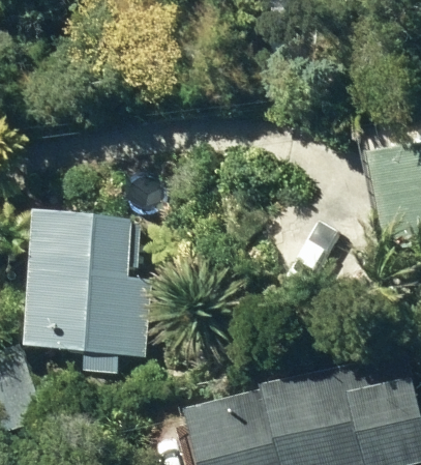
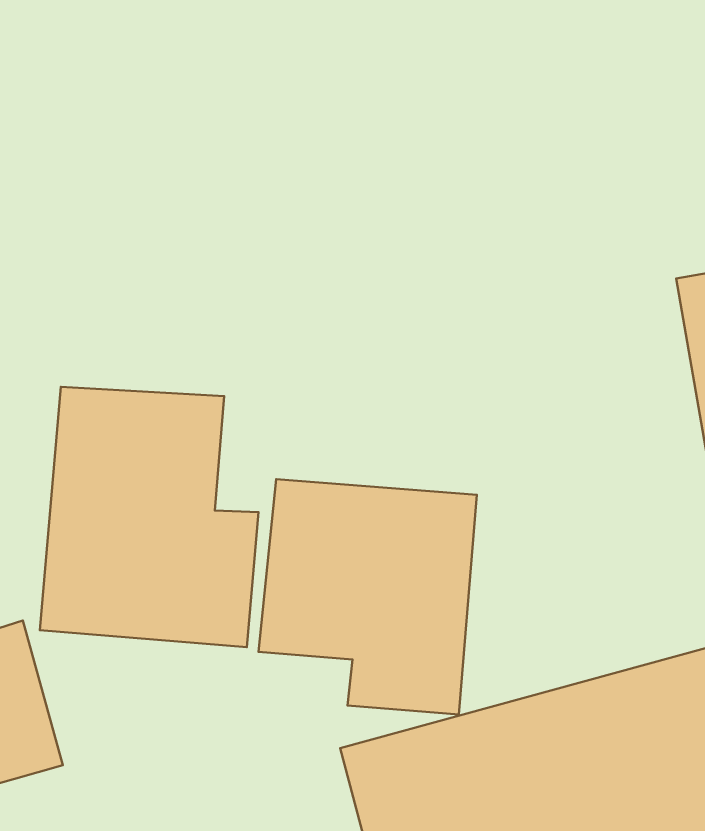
building: none -> [259,479,477,714]

